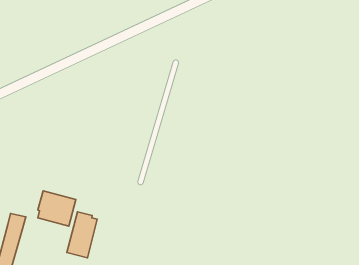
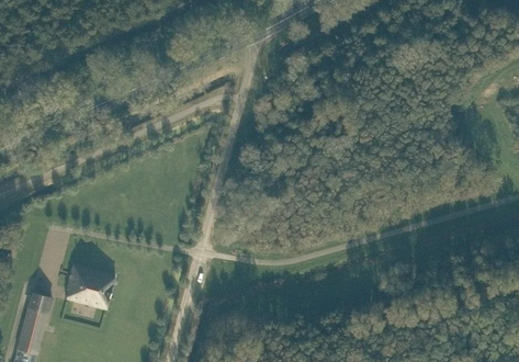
building: [67,212,97,258] -> none

